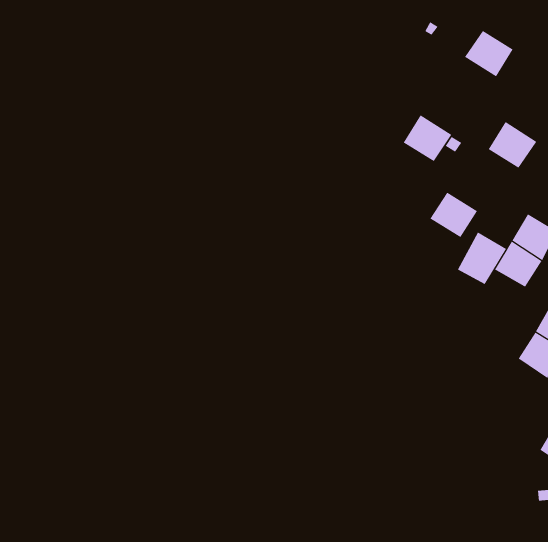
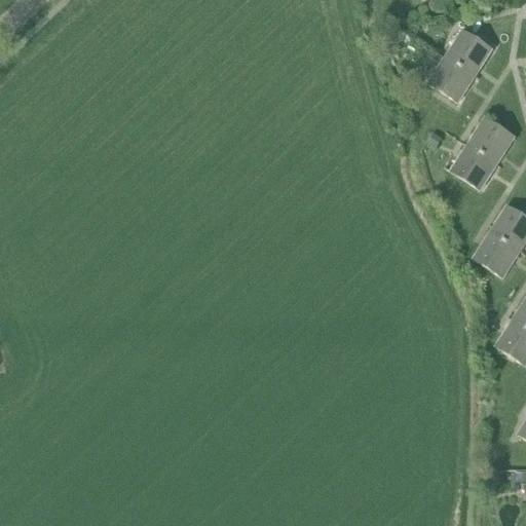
building: [403,114,452,162] -> [428,54,476,100]
building: [430,192,478,238] -> [451,143,497,187]
building: [457,231,507,285] -> none

